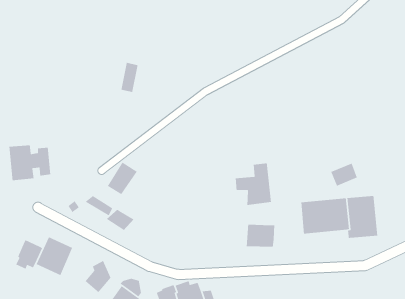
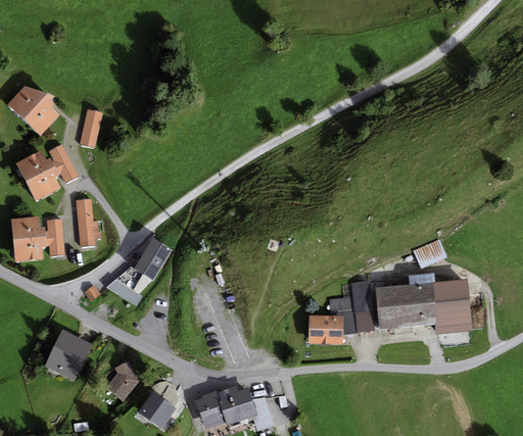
building: none -> [7,86,58,134]
building: [121,62,139,93] -> [80,108,102,147]
building: none -> [16,144,80,201]
building: none -> [76,198,101,247]
building: [235,162,272,206] -> [329,280,375,334]
building: [106,209,135,231] -> [116,265,152,293]
building: [15,239,43,270] -> none

